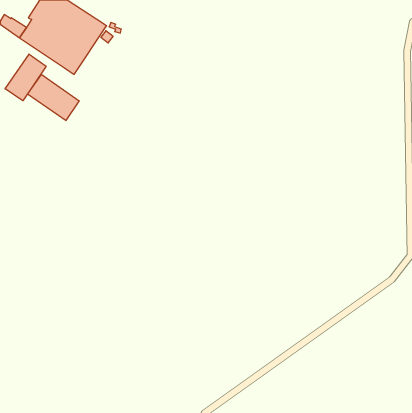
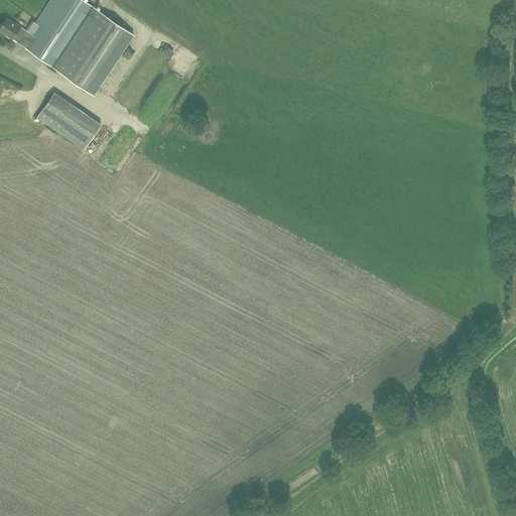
building: [5,54,46,101] -> none

